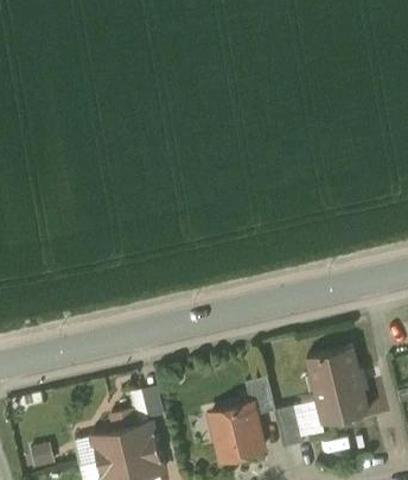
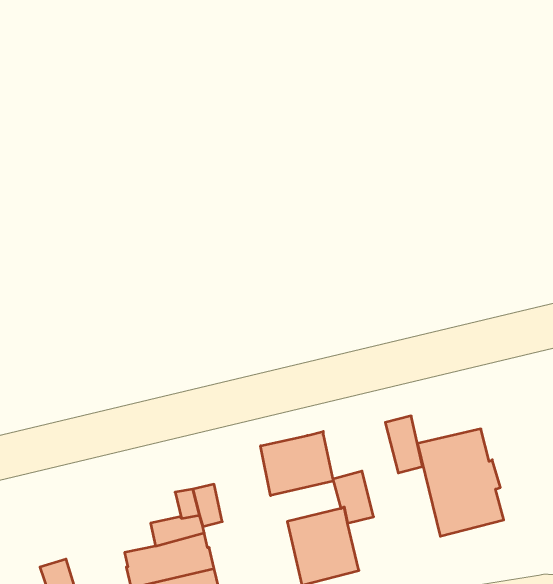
building: none -> [261,431,333,496]
building: [275,408,302,449] -> [385,416,423,473]

